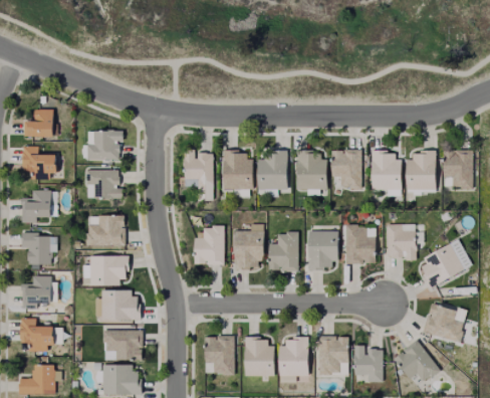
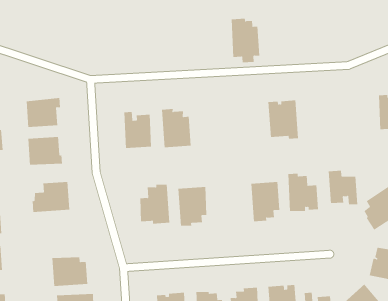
building: [297,150,325,195] -> [231,18,260,63]
building: [372,150,400,190] -> none
building: [406,150,435,197] -> none
building: [258,153,286,189] -> none
building: [269,231,298,270] -> none
building: [89,256,129,285] -> none

